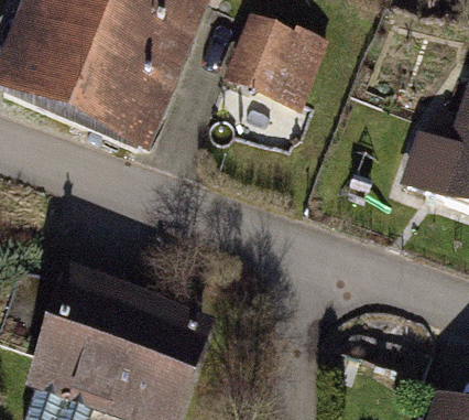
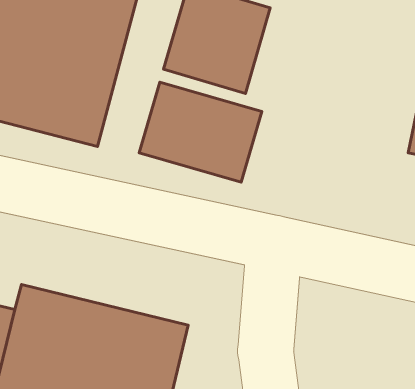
building: none -> [139,82,262,182]

